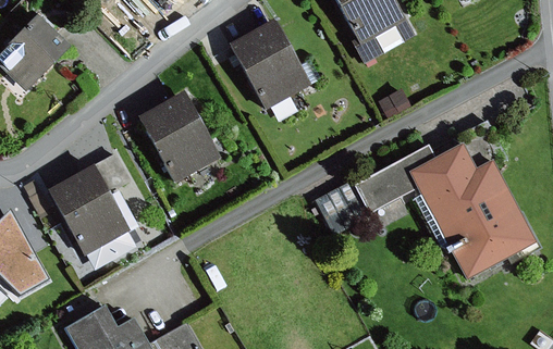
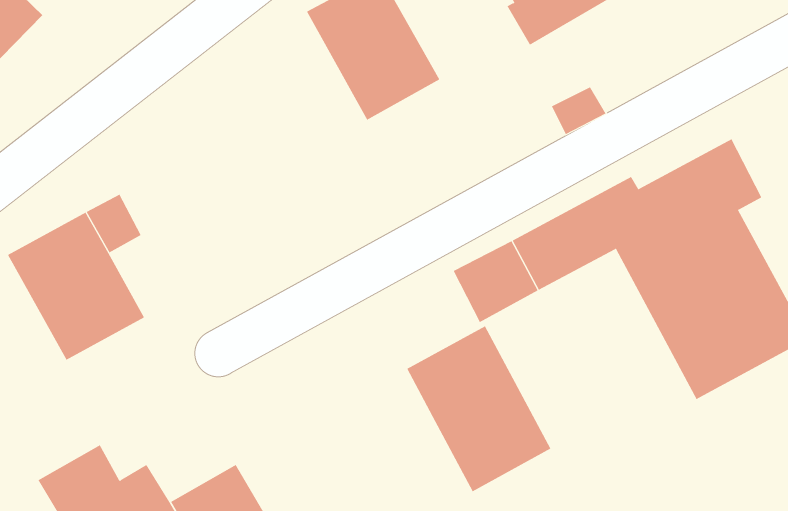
building: [138,92,221,185] -> none
building: none -> [407,325,551,492]

